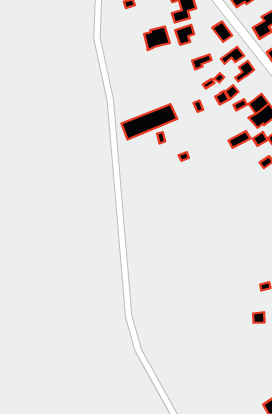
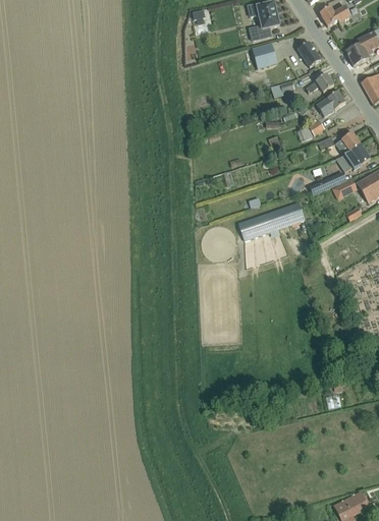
building: [144,27,170,50] -> none
building: [122,104,177,139] -> [238,201,306,241]

